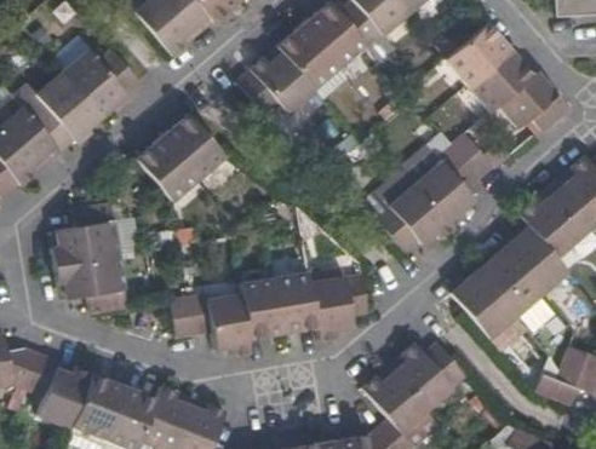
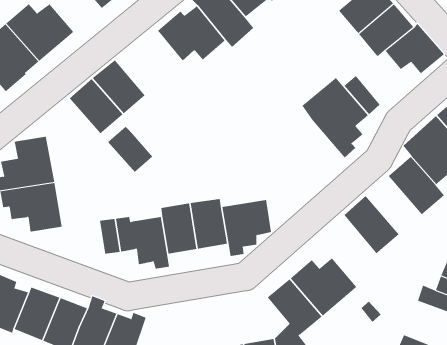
building: [376,184,452,252] -> none
building: none -> [107,126,153,173]
building: [476,248,540,315] -> none

